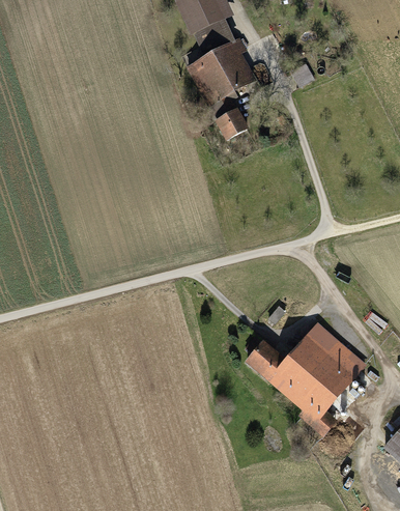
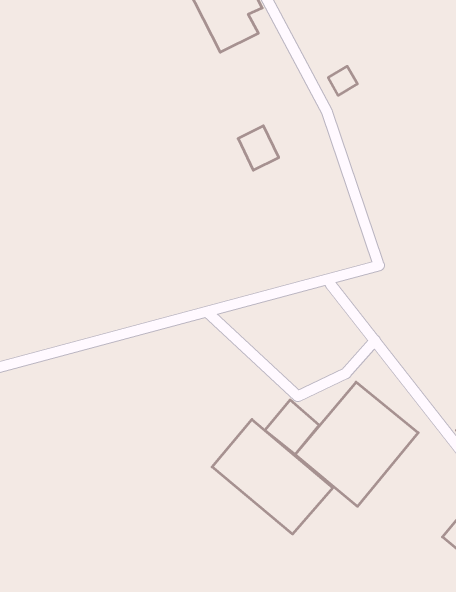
building: [188,35,261,114] -> none
building: none -> [212,419,333,534]

